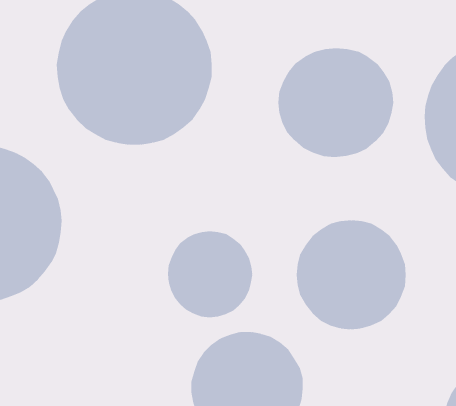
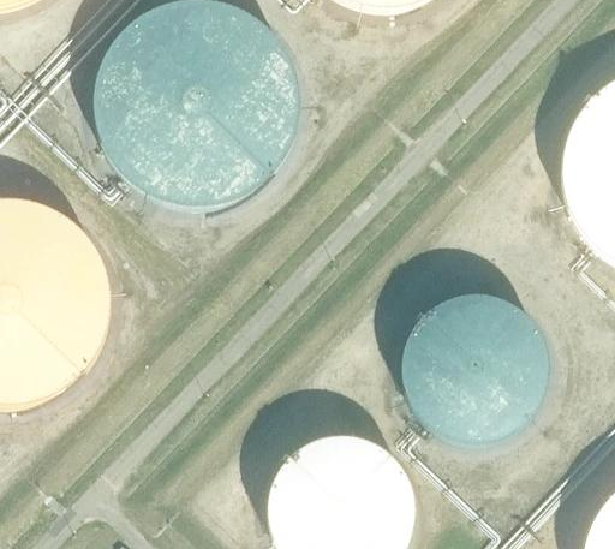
building: [278,47,394,158] -> none
building: [167,231,253,318] -> none

